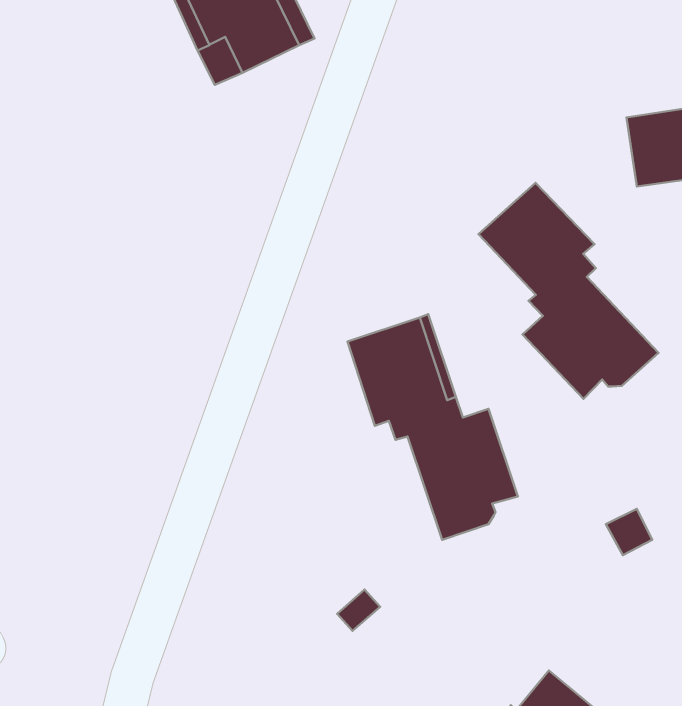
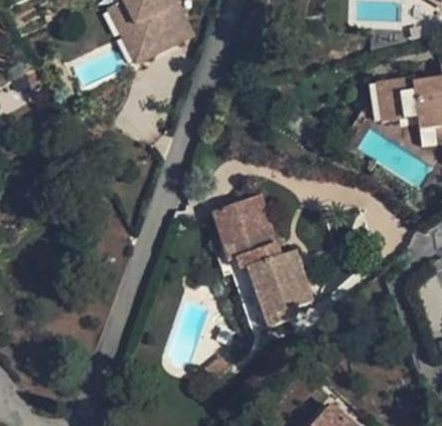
building: [478,183,659,399] -> none

